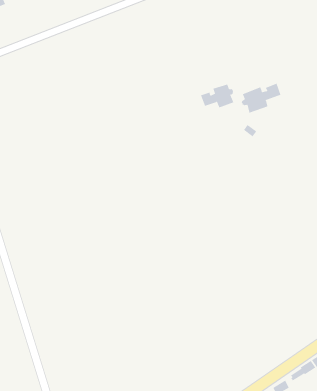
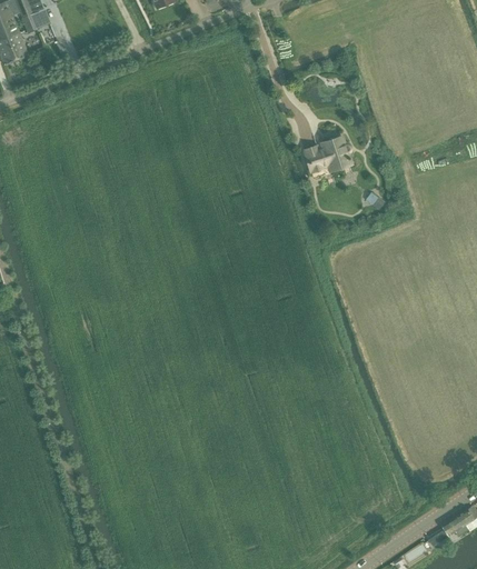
building: [241,83,281,113] -> none

